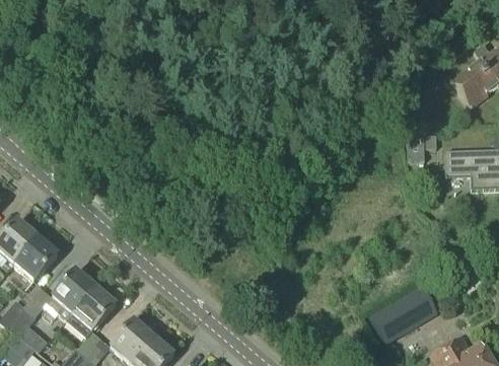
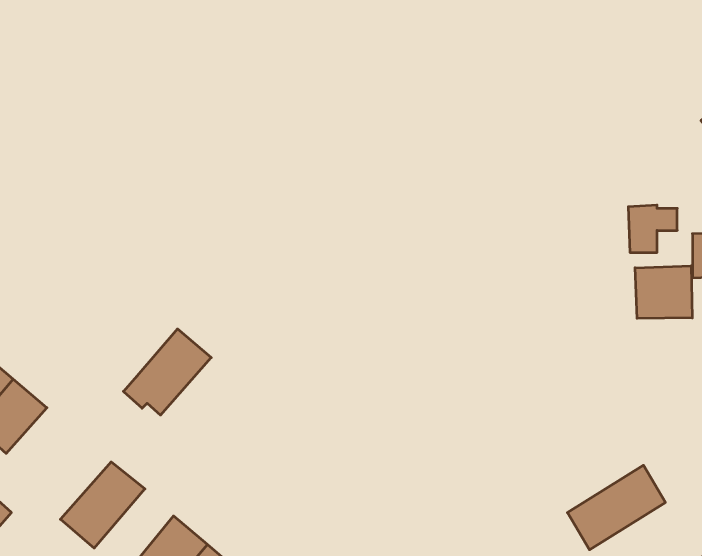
building: none -> [635,266,692,318]
building: [45,269,97,320] -> [123,329,211,415]

